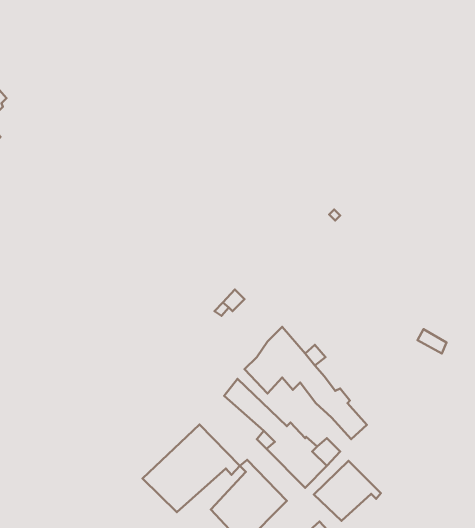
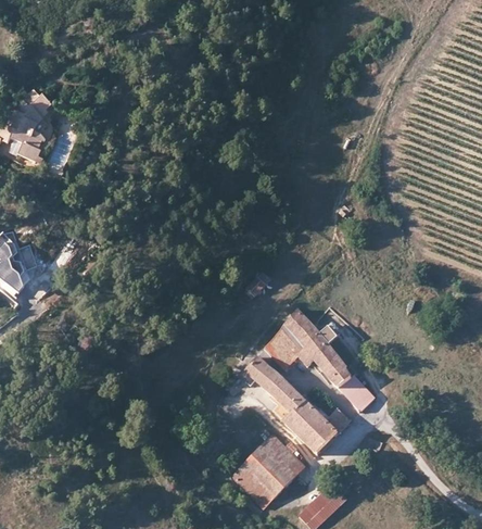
building: [142,424,240,512] -> none
building: [314,461,381,521] -> none

